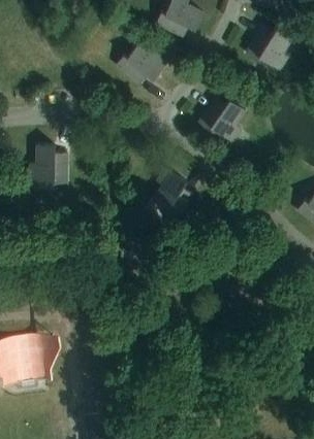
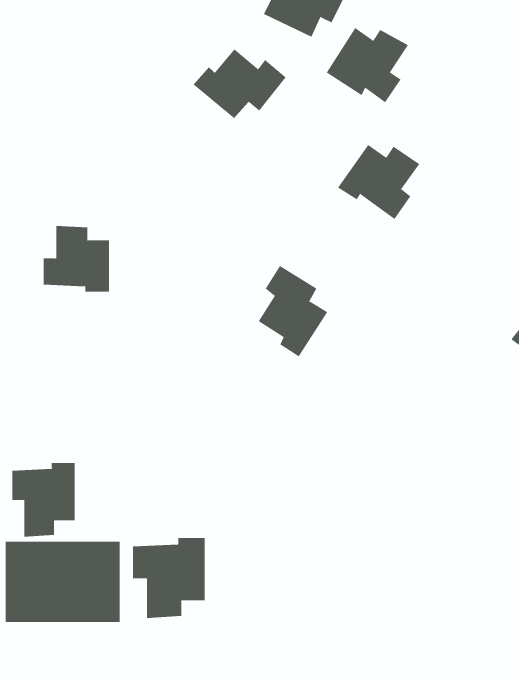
building: [245,27,292,70] -> [326,27,409,103]
building: none -> [12,462,75,537]
building: none -> [133,537,205,619]

